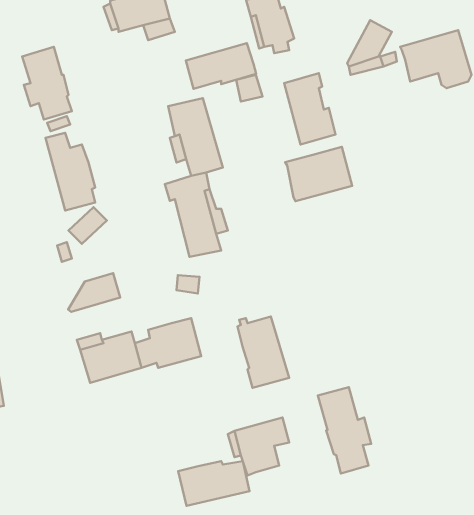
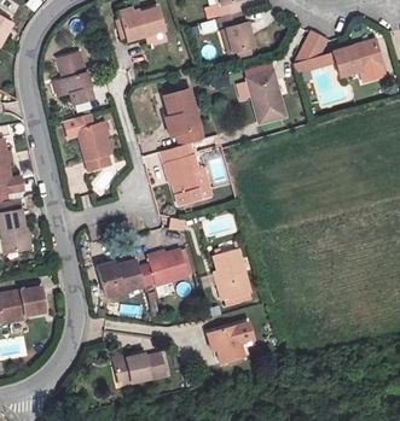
building: [186,43,256,89] -> none
building: [285,147,352,201] -> none
building: [68,273,120,312] -> none
building: [318,387,371,474] -> none
building: [178,461,249,506] -> [114,352,166,385]

